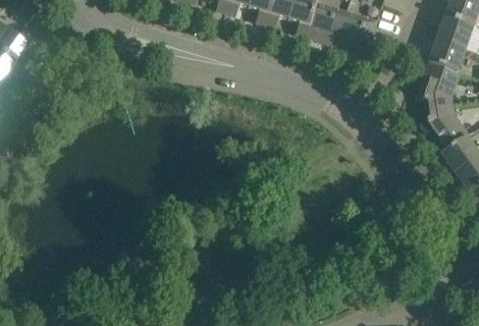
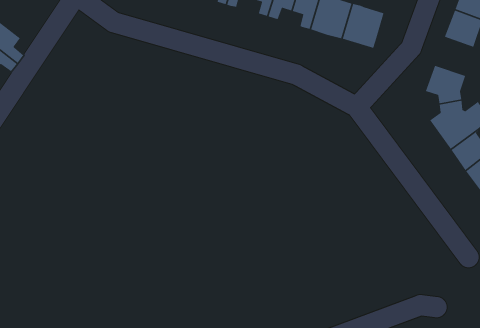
building: [425,43,463,79] -> none

